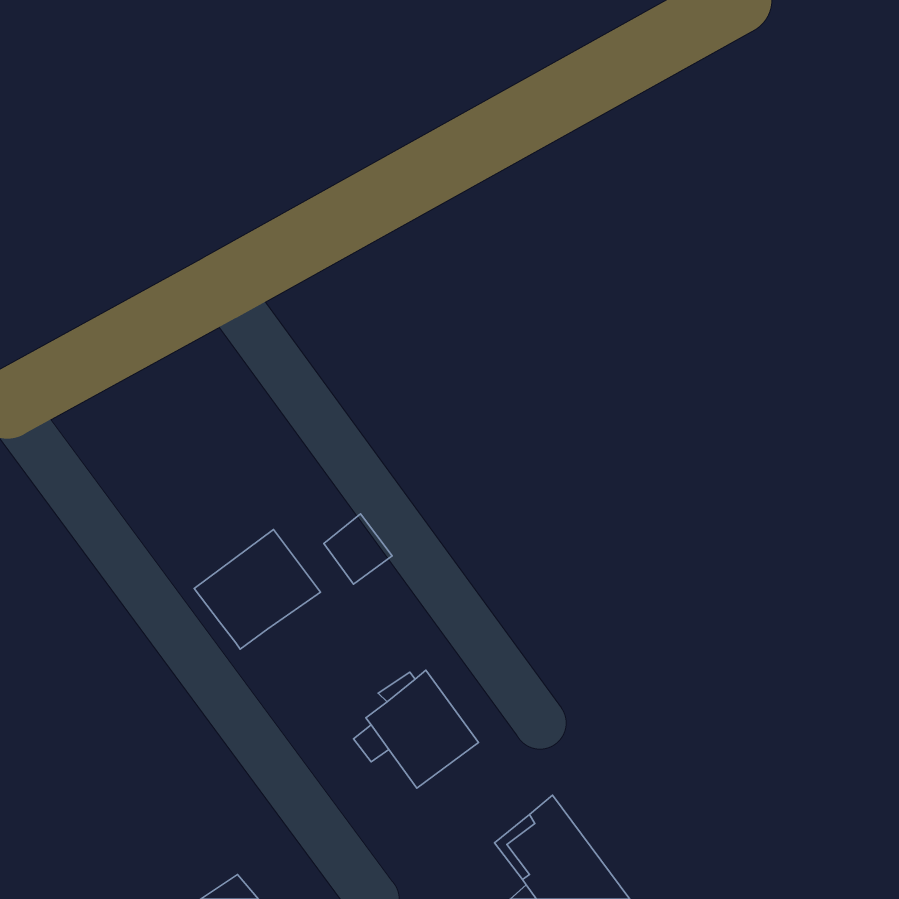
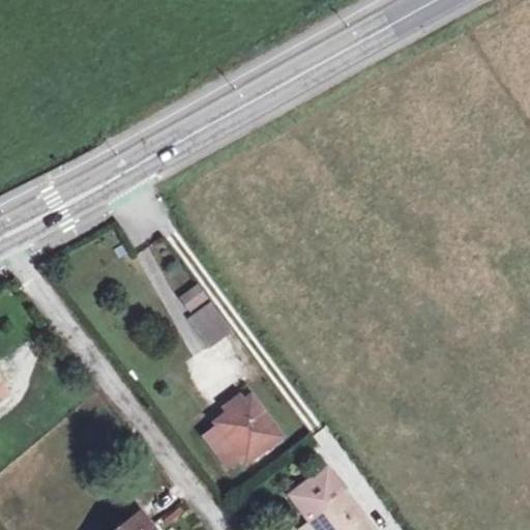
building: [194,530,321,649] -> none

